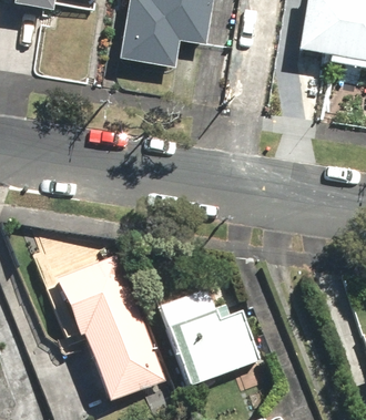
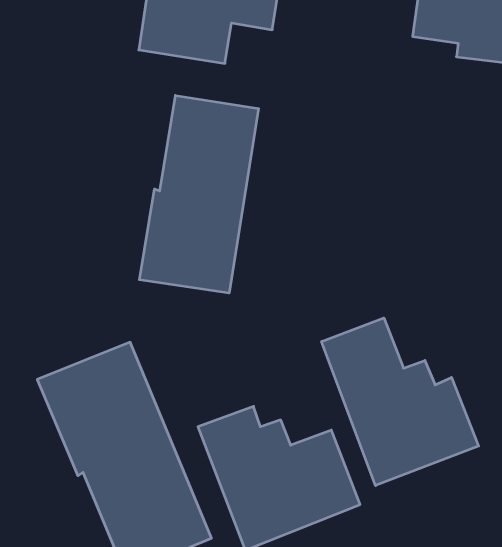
building: none -> [139,95,259,293]
building: none -> [322,318,479,486]

